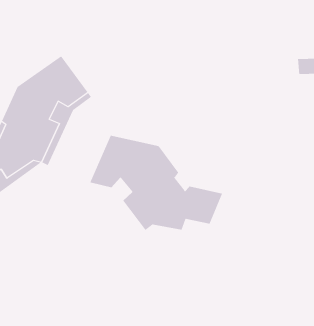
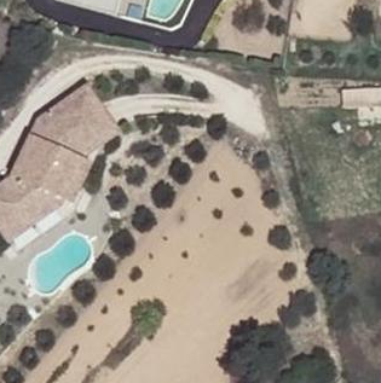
building: [90,135,223,231] -> none

